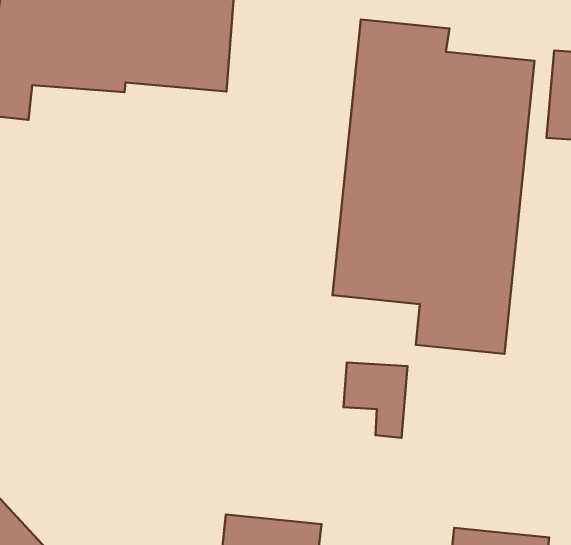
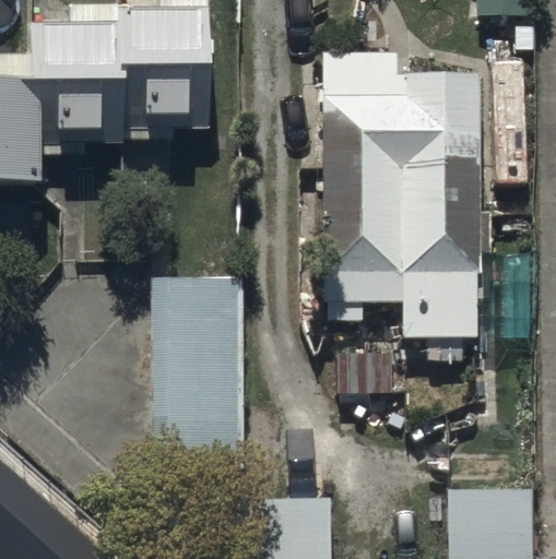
building: none -> [152,276,242,466]

